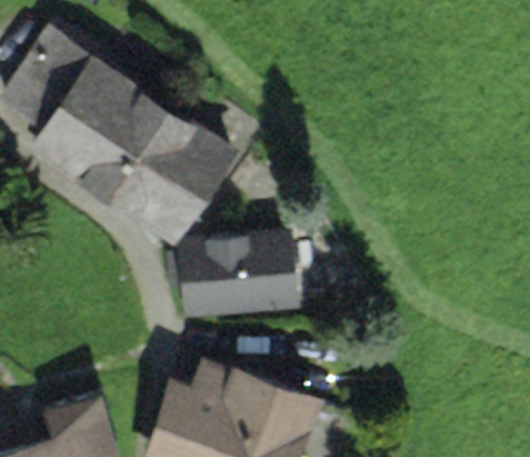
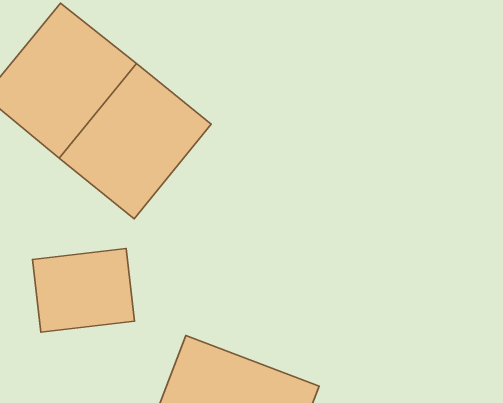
building: [161,230,299,320] -> none
building: none -> [33,248,135,332]

